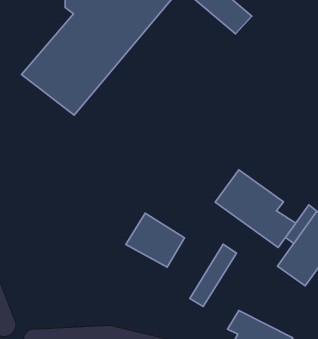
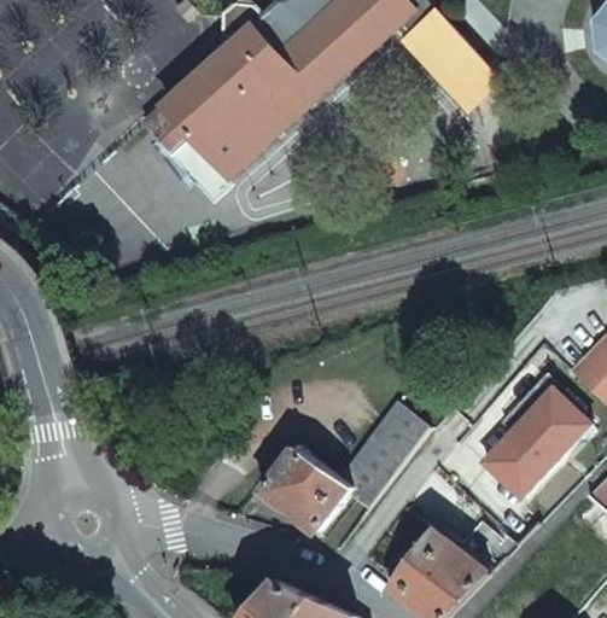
building: [215,170,296,248] -> none
building: [126,213,184,267] -> [259,447,348,531]

